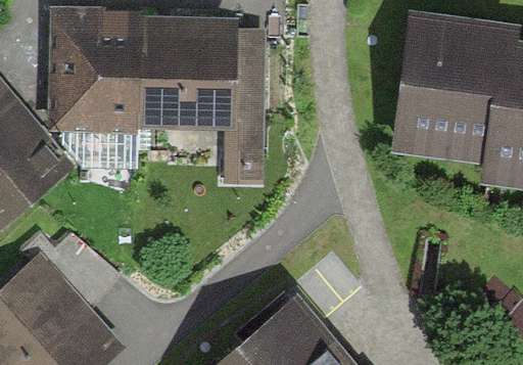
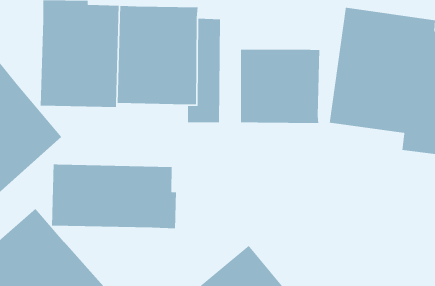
building: none -> [240,49,320,124]
building: none -> [51,164,177,229]

